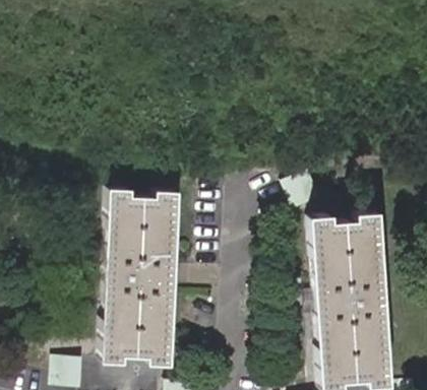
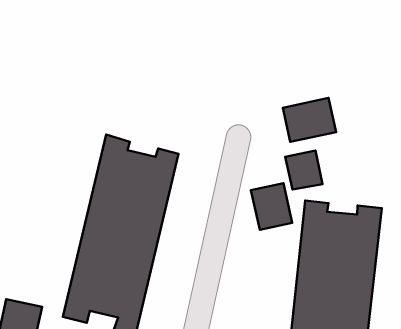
building: none -> [283,98,336,142]
building: none -> [251,183,292,230]

